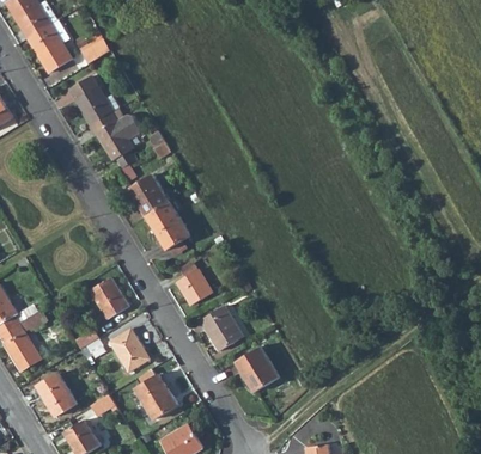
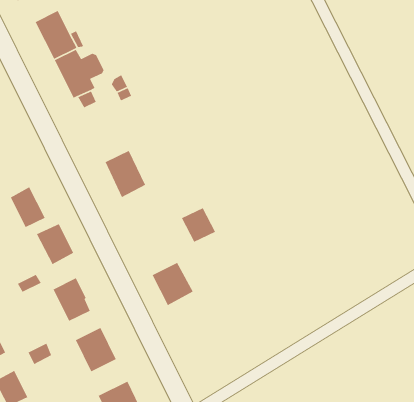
building: [132,174,171,216] -> none
building: none -> [10,186,46,228]
building: [178,269,213,303] -> [181,207,216,243]
building: [236,346,279,392] -> none

